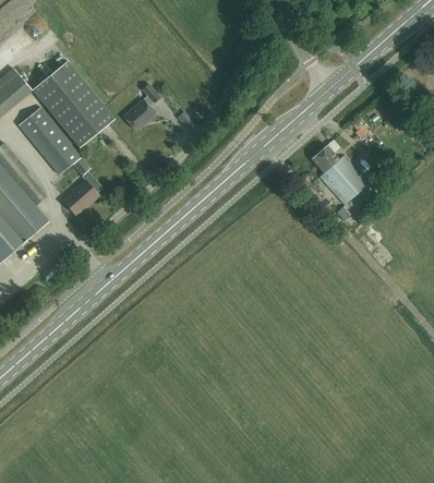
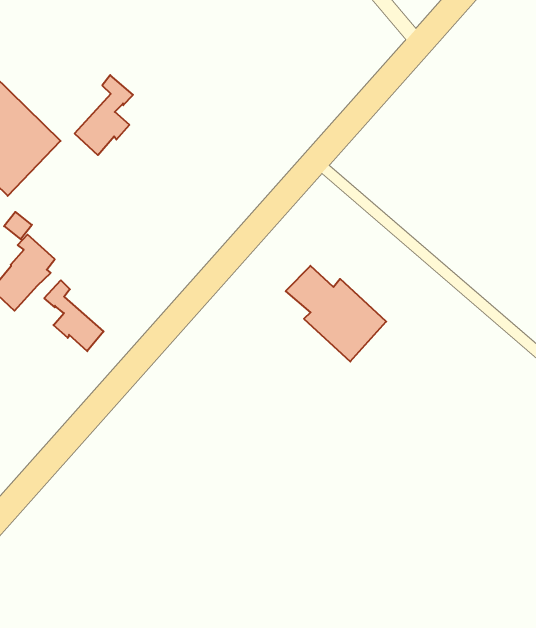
building: [309,146,365,205] -> [286,266,386,362]
building: none -> [44,280,104,351]

